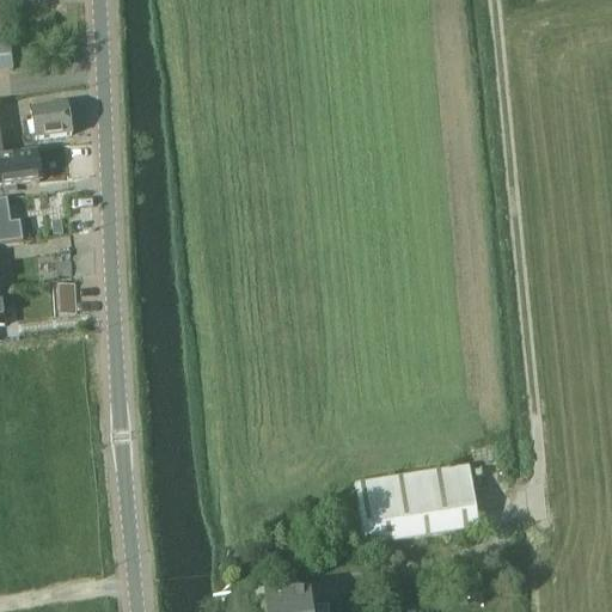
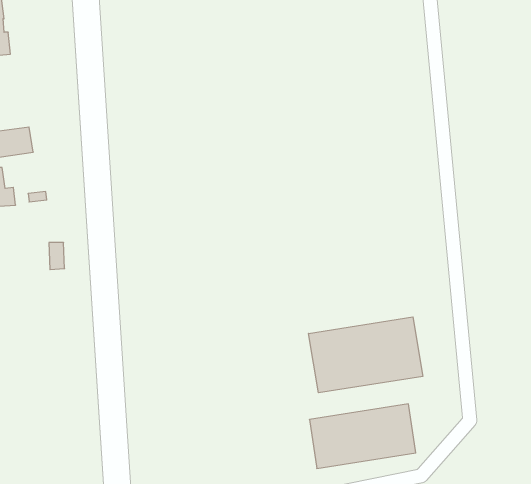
building: [31,98,71,135] -> none
building: none -> [309,317,423,393]

